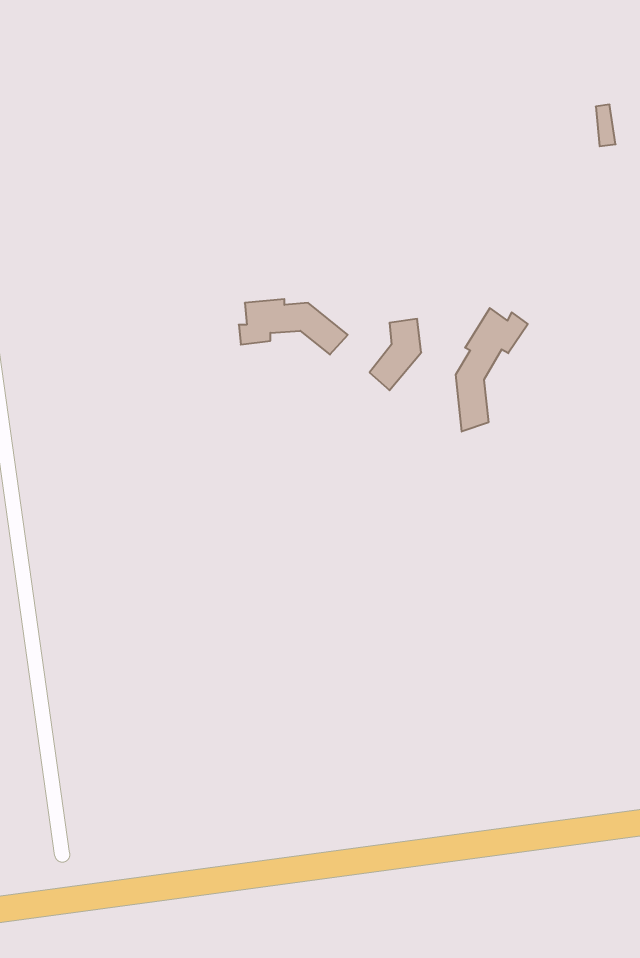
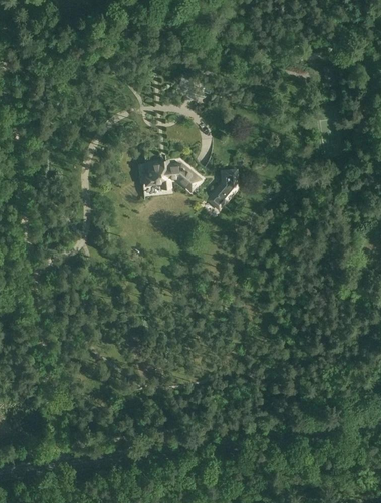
building: [456,308,528,432] -> none

